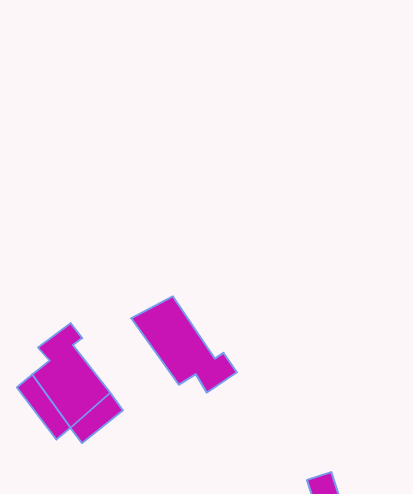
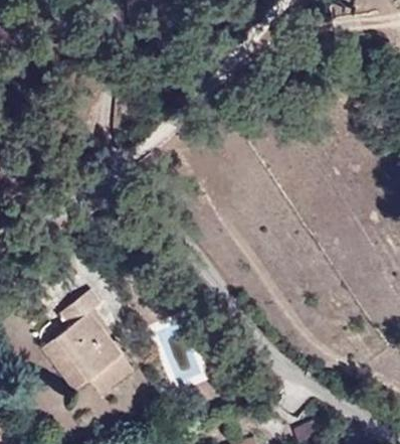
building: [131,296,237,393] -> none

